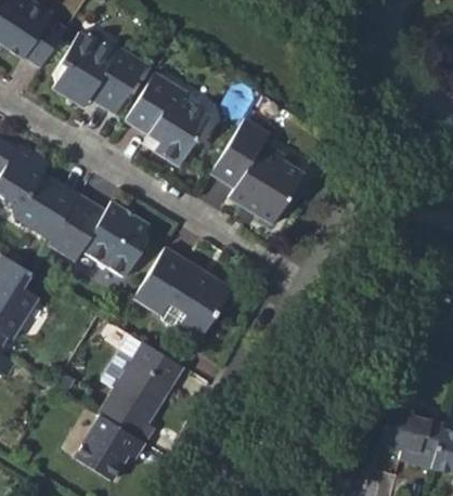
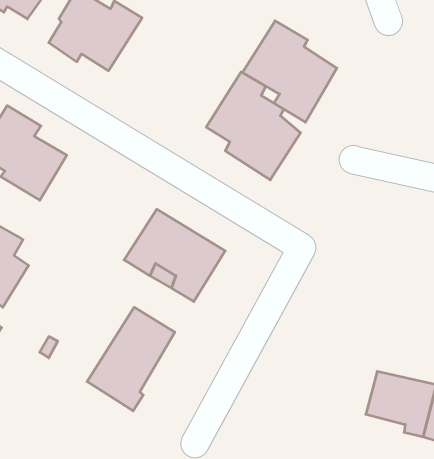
building: [126,69,217,167] -> [242,21,337,122]
building: [48,196,156,279] -> none
building: [72,414,142,480] -> none

